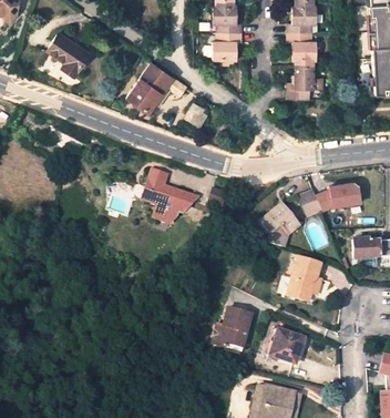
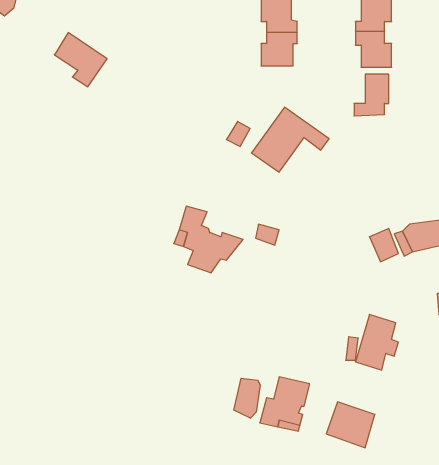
building: [125,61,187,113] -> [251,107,329,172]
building: [260,203,300,247] -> none
building: none -> [234,378,260,418]

